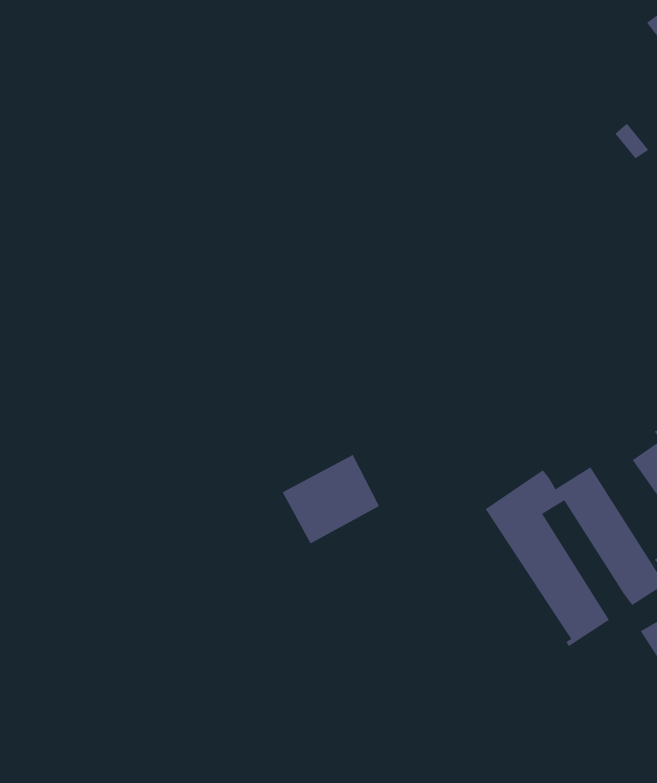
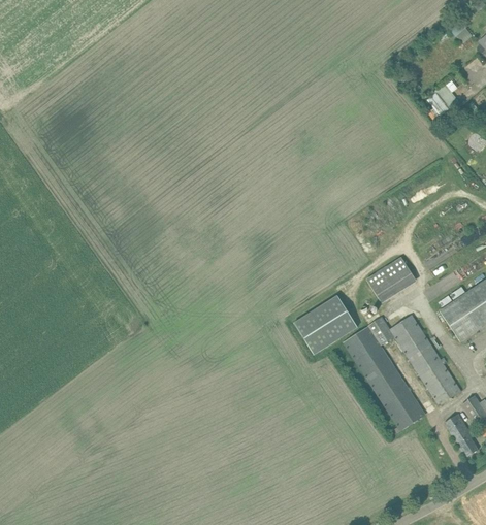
building: none -> [367,256,419,303]
building: [282,454,380,544] -> [295,295,359,354]

